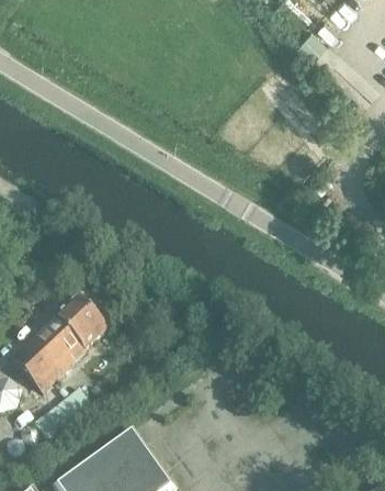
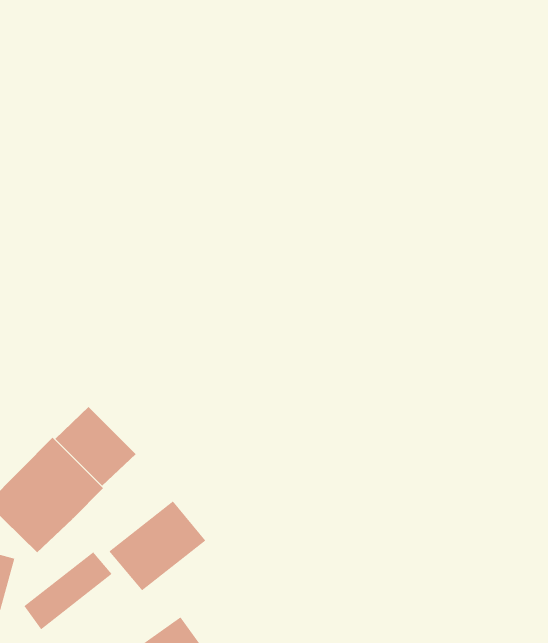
building: none -> [109,501,206,591]

